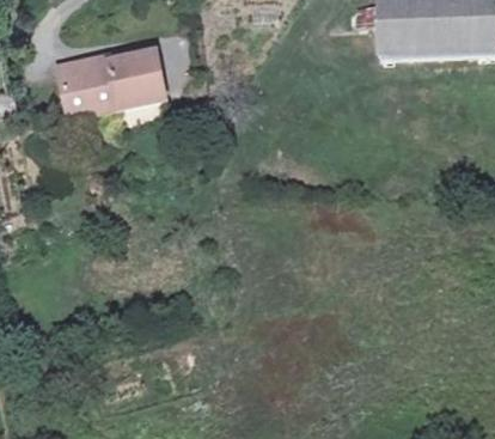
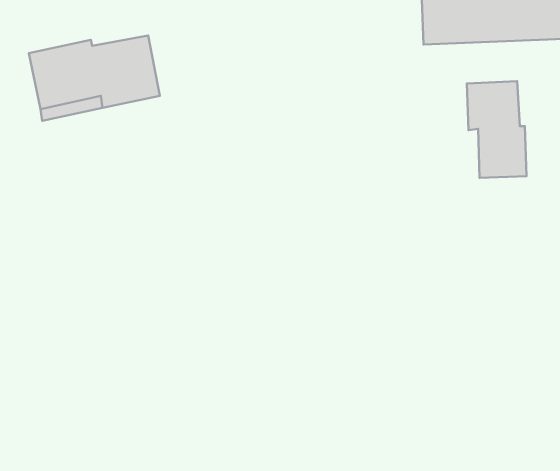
building: none -> [467,81,526,178]

